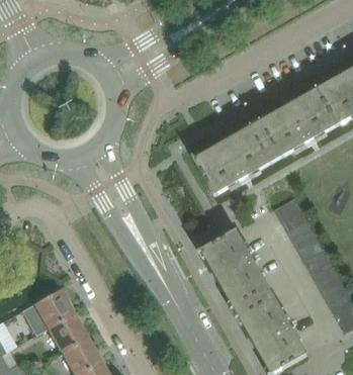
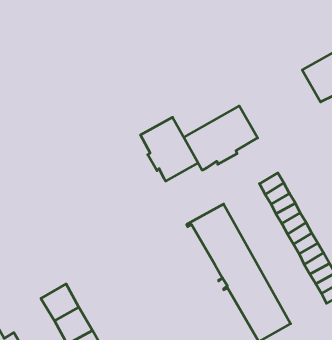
building: [252,88,337,159] -> none
building: none -> [141,117,198,181]
building: [20,286,72,333] -> none

